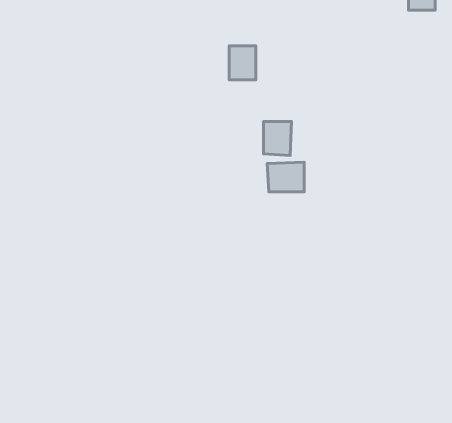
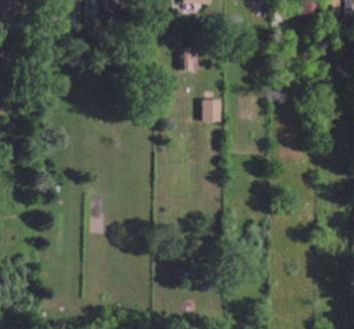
building: [267,162,304,192] -> none

